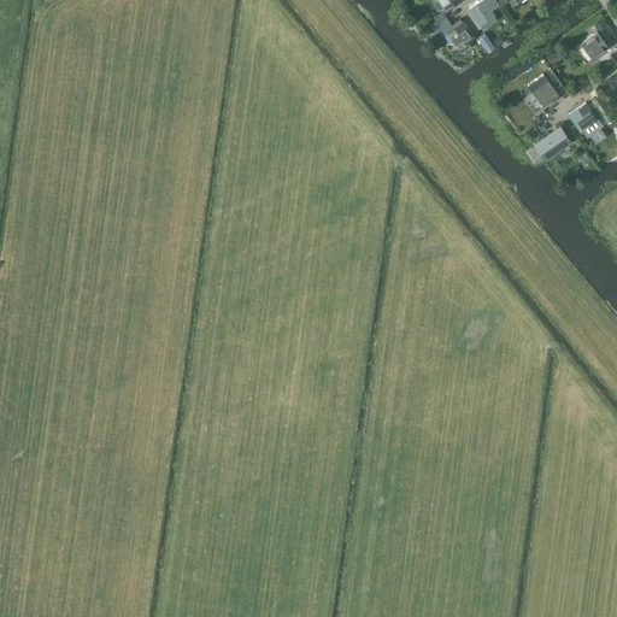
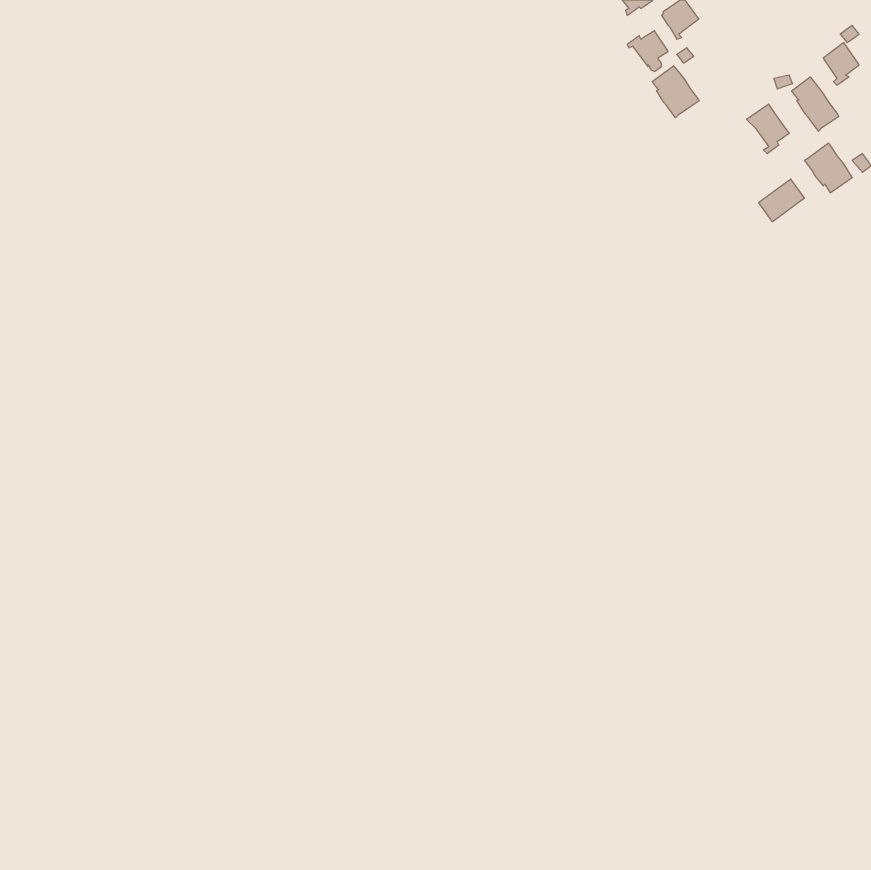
building: none -> [652,66,699,118]
building: none -> [792,77,839,131]

